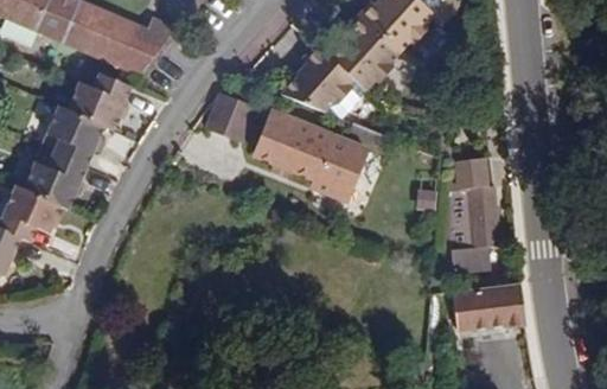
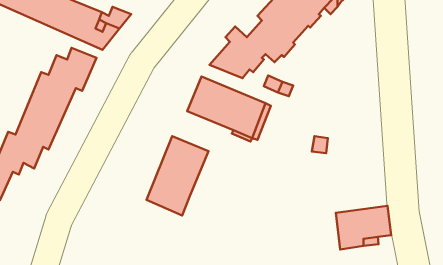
building: [204,91,254,141] -> none
building: [447,157,499,272] -> none
building: none -> [147,136,209,215]

